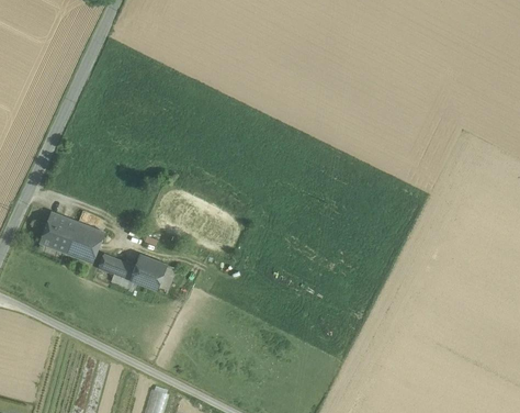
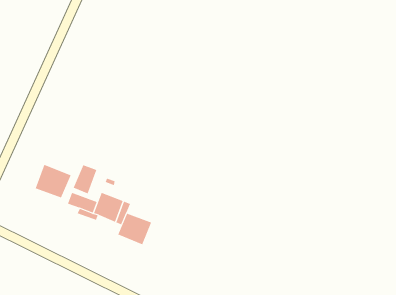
building: [39,213,69,249] -> [73,165,97,194]
building: none -> [118,213,152,245]

